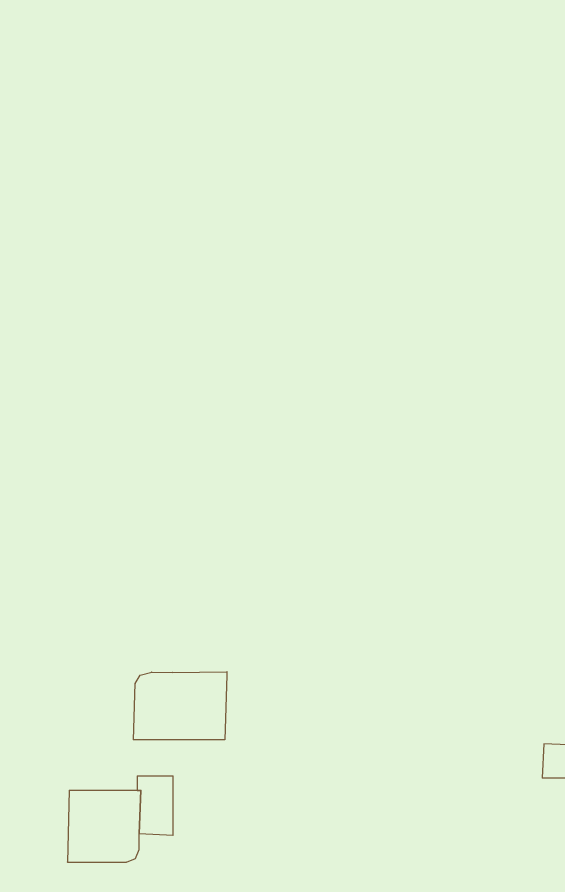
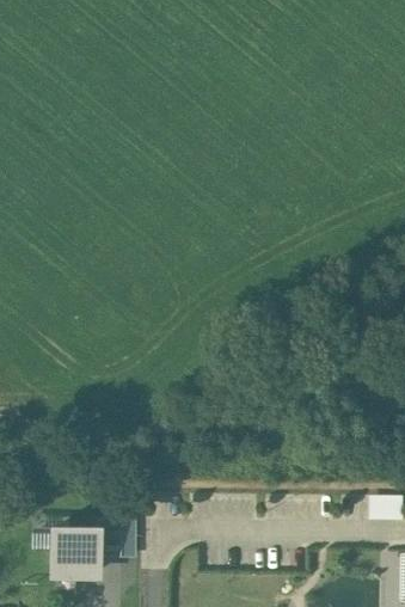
building: [133,672,227,740] -> none

